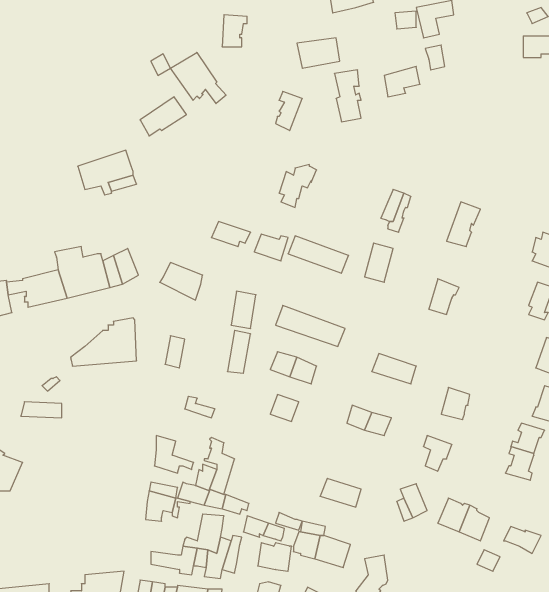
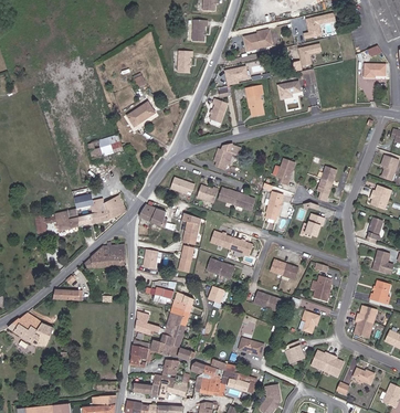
building: [170,52,226,104] -> none
building: none -> [170,292,193,325]

